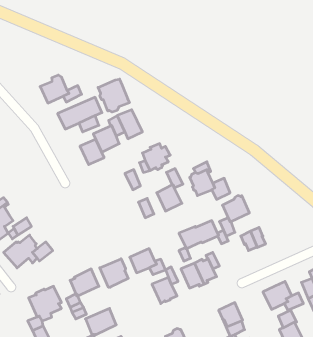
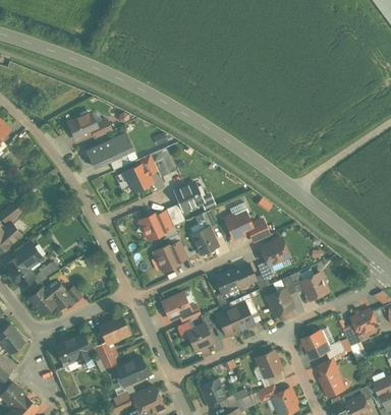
building: [98,79,129,112] -> none
building: [80,139,104,165] -> [139,214,165,240]
building: none -> [154,244,179,272]
building: none -> [301,276,328,300]
building: none -> [267,289,292,316]
building: [100,259,128,287] -> none

